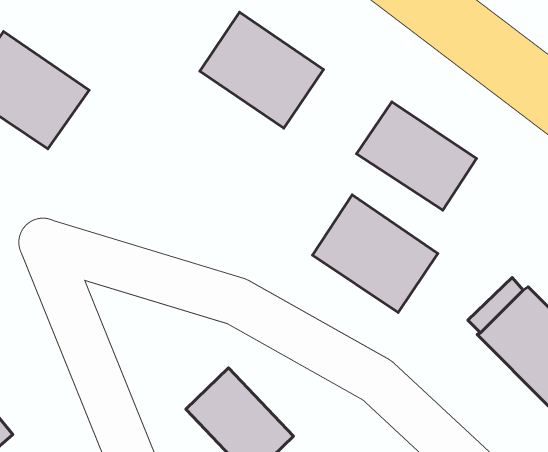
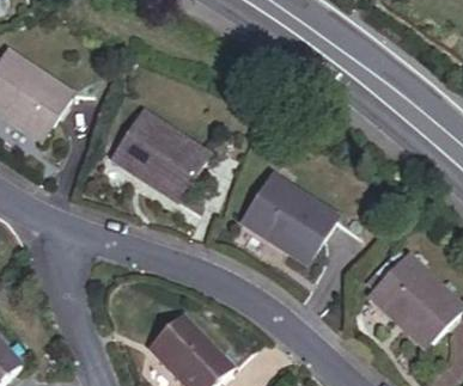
building: [200,12,324,128] -> [117,120,211,207]
building: [357,102,477,210] -> none

